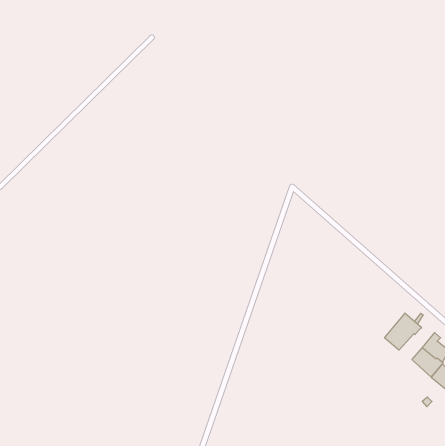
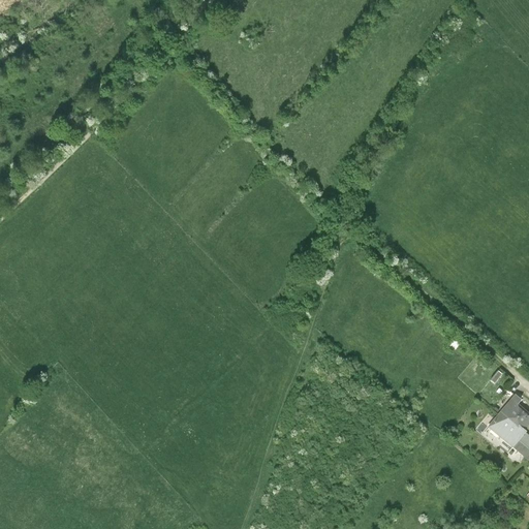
building: [385,313,422,350] -> none

